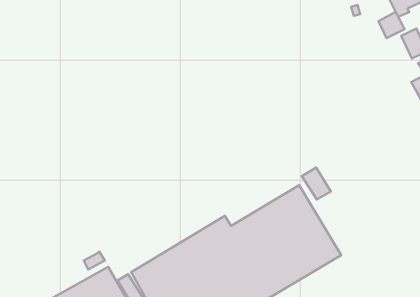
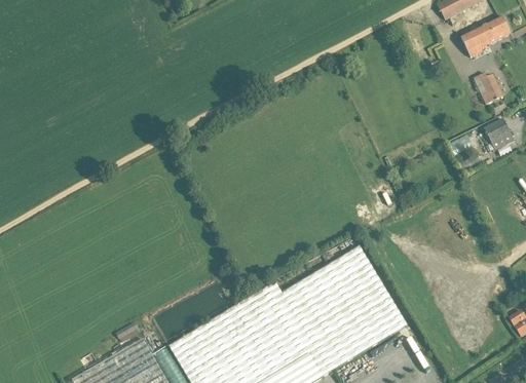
building: [379,12,404,38] -> none
building: [302,168,331,200] -> none

